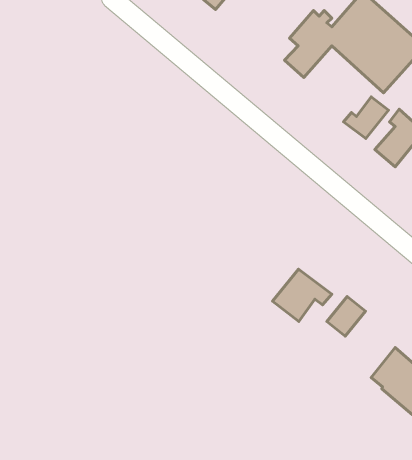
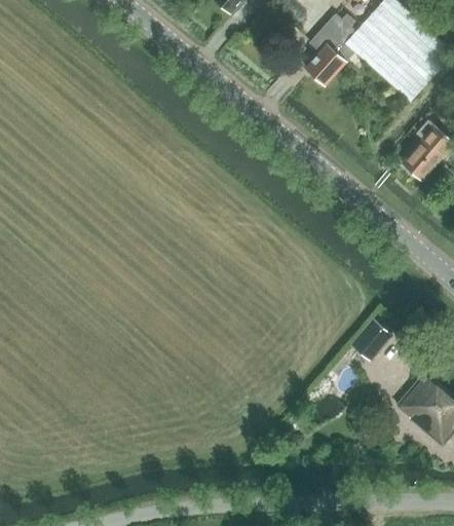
building: [344,97,388,138] -> none
building: [272,269,332,322] -> none

